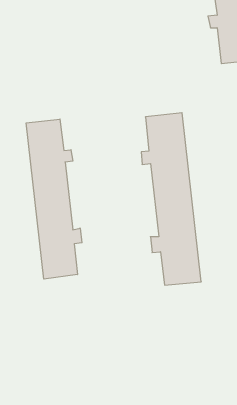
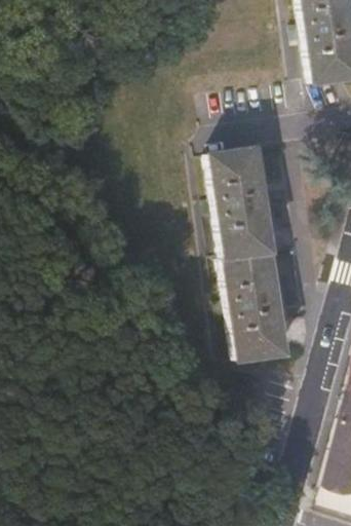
building: [26,119,82,279] -> none

